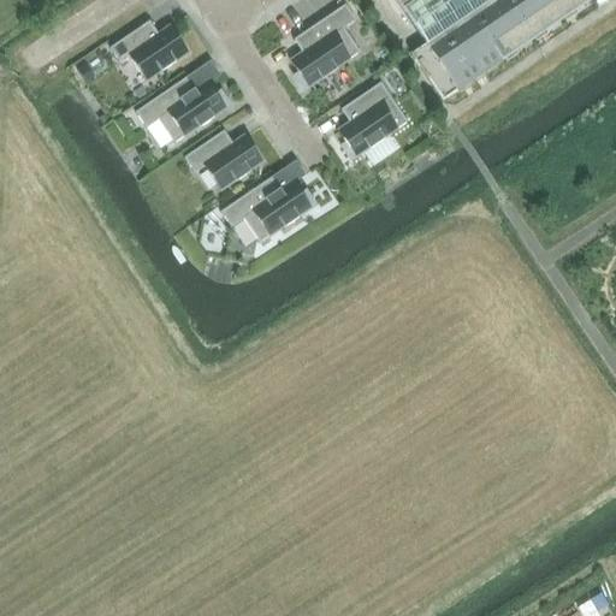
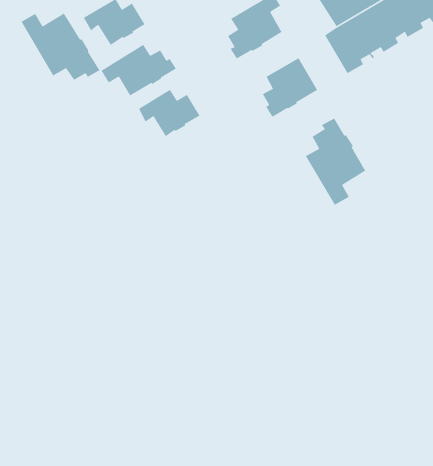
building: none -> [21,13,100,81]
building: none -> [305,117,366,206]
building: [223,174,316,241] -> none

